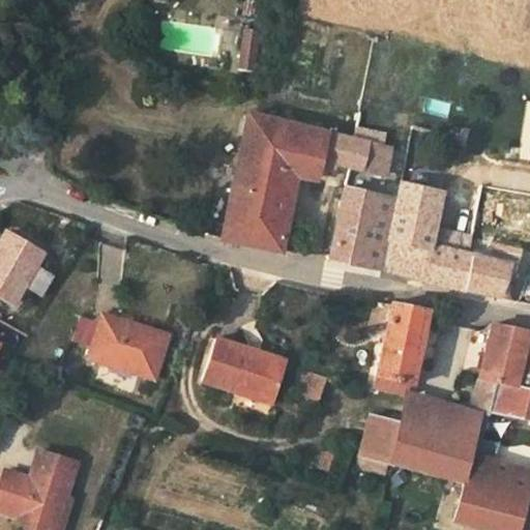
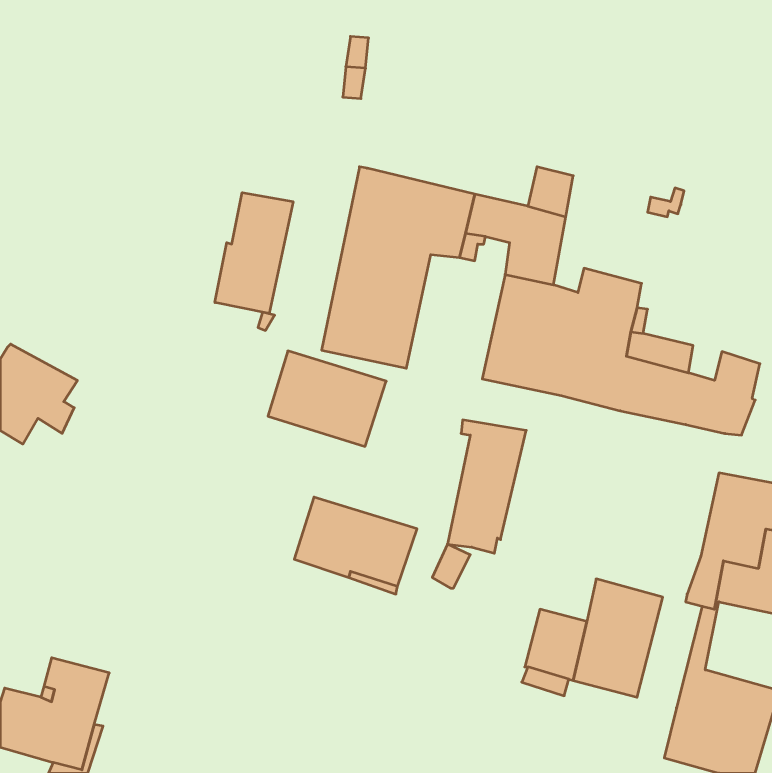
building: none -> [215,193,293,314]
building: [375,303,429,394] -> [447,420,526,553]
building: [92,315,173,380] -> [268,351,386,446]
building: [437,402,481,483] -> none

